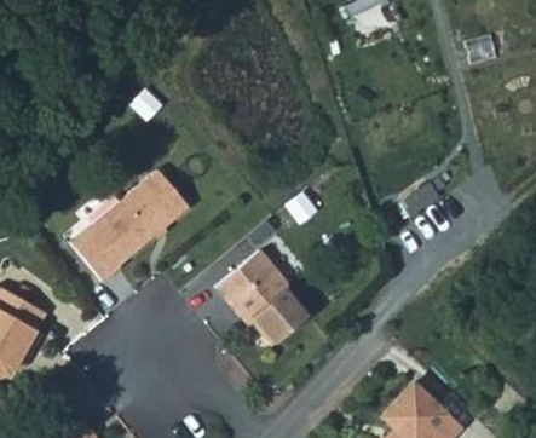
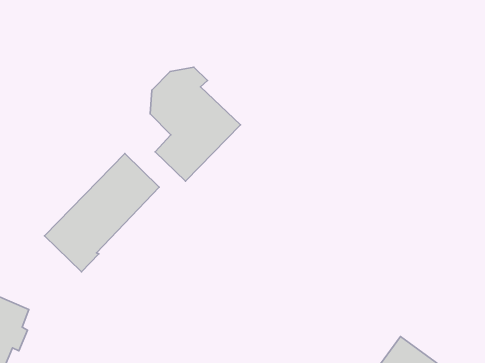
building: none -> [150,67,241,181]
building: [215,250,310,346] -> none

